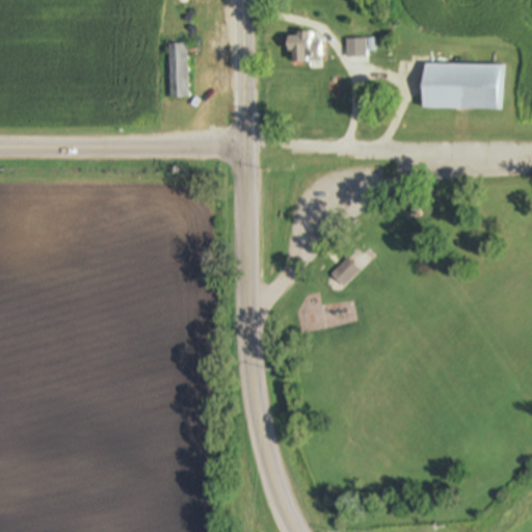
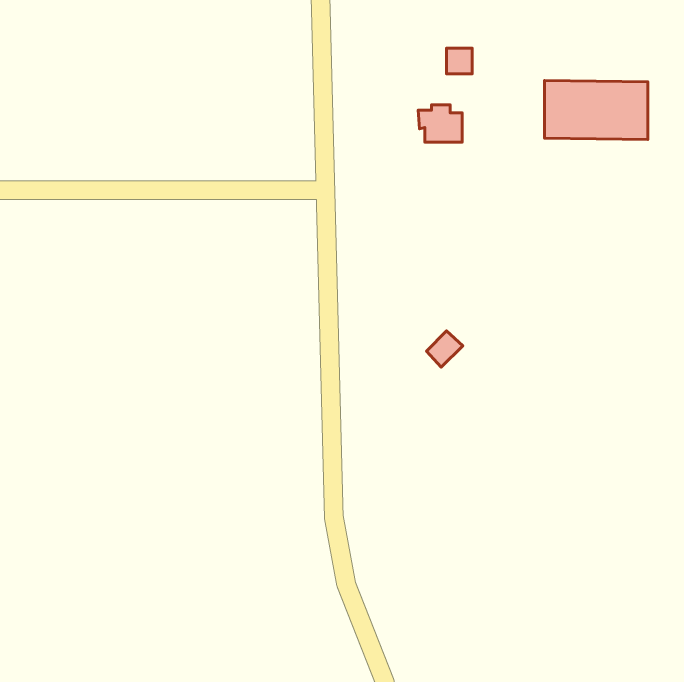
building: [287,31,321,60] -> [418,105,462,142]
building: [169,43,188,97] -> none

